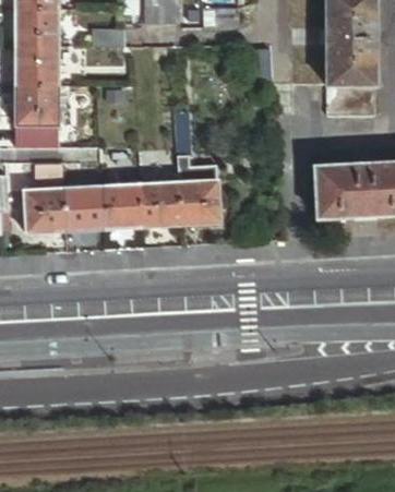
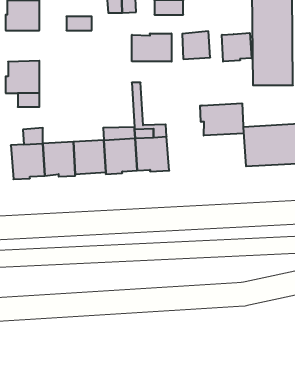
building: [15,46,58,85] -> none
building: none -> [222,33,251,62]
building: none -> [132,33,172,62]
building: none -> [200,103,244,136]

